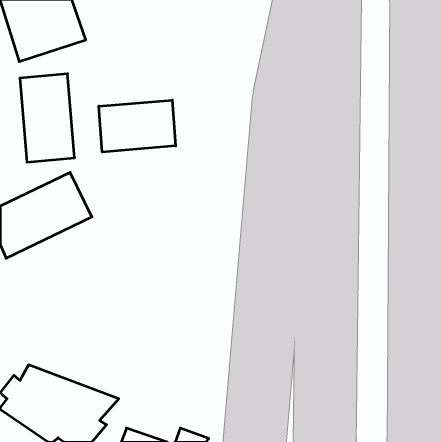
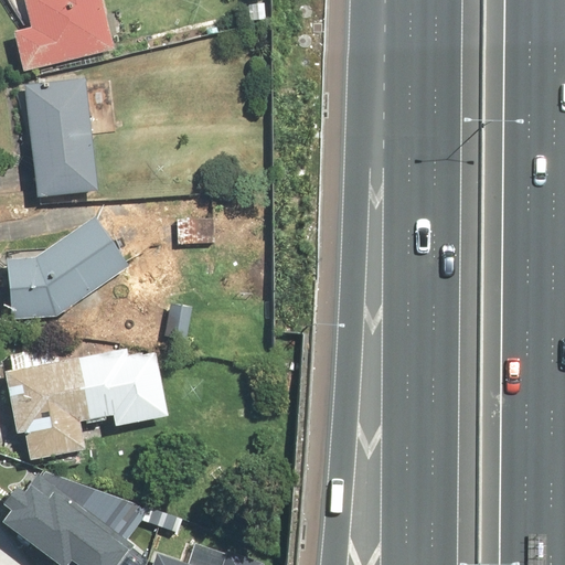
building: [99,100,176,152] -> none
building: none -> [7,351,168,440]

